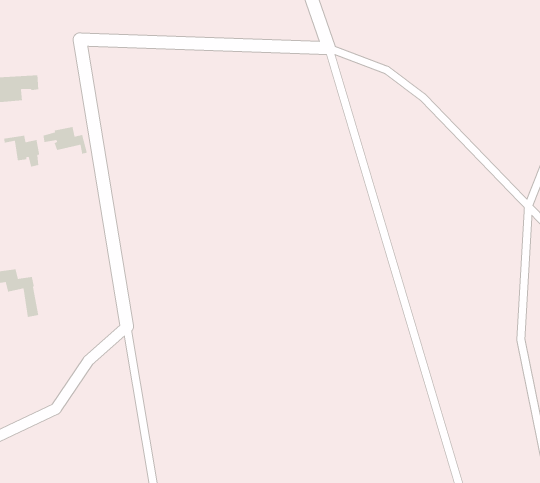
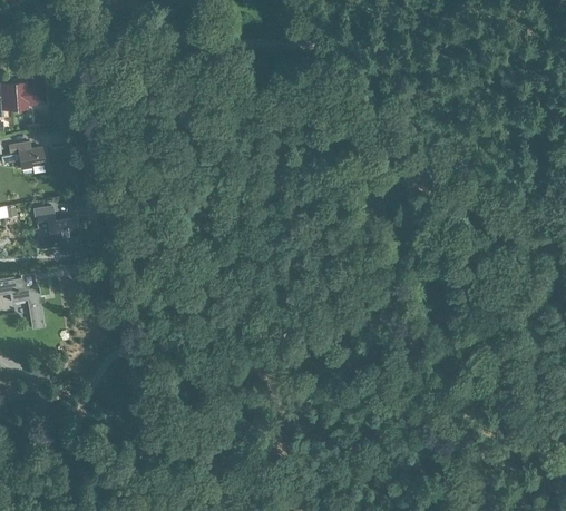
building: [43,126,88,154] -> none
building: none -> [37,214,76,249]

